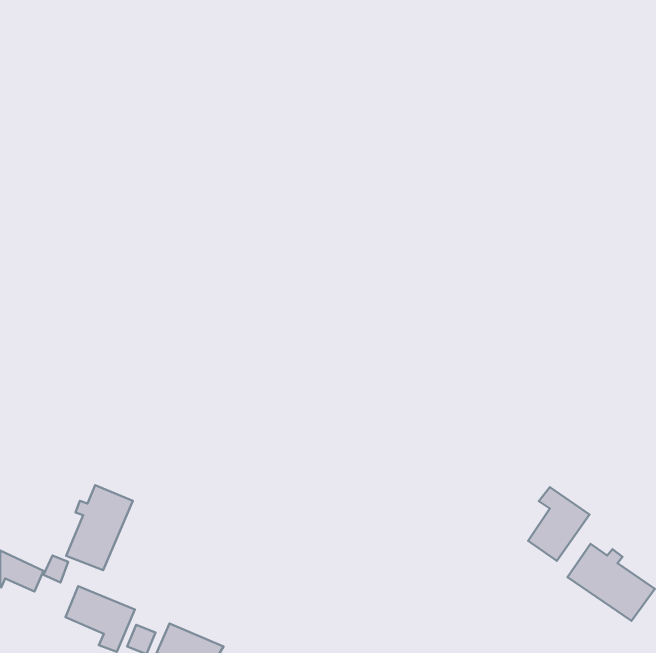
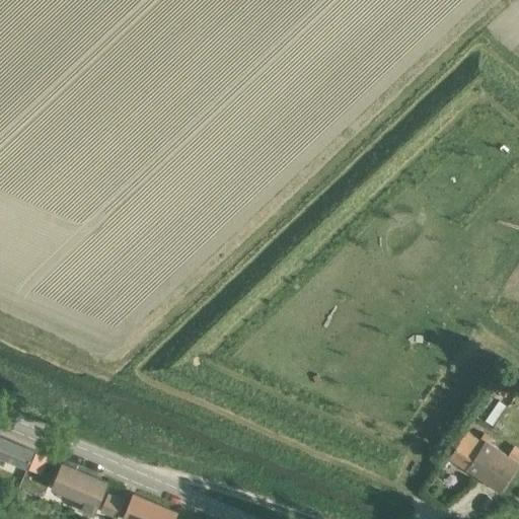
building: [66,485,133,570] -> none
building: [528,487,590,561] -> none

